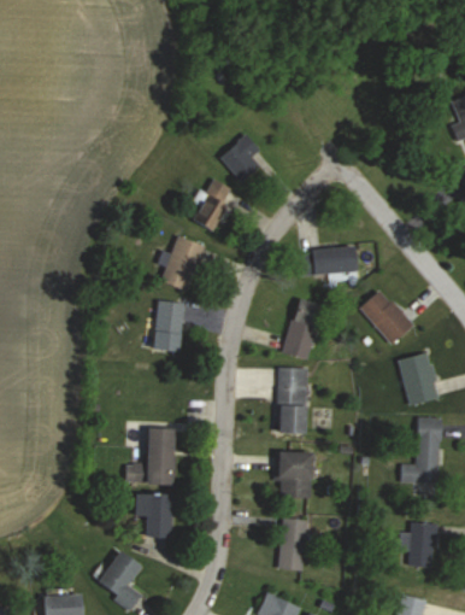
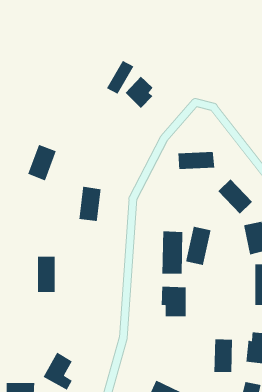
building: [192,181,235,234] -> [106,60,135,95]
building: [161,236,206,293] -> [27,144,57,181]
building: [284,299,324,359] -> [185,226,211,266]
building: [145,429,172,485] -> [37,256,56,293]
building: [135,494,171,537] -> none
building: [279,519,308,570] -> [214,339,233,373]

